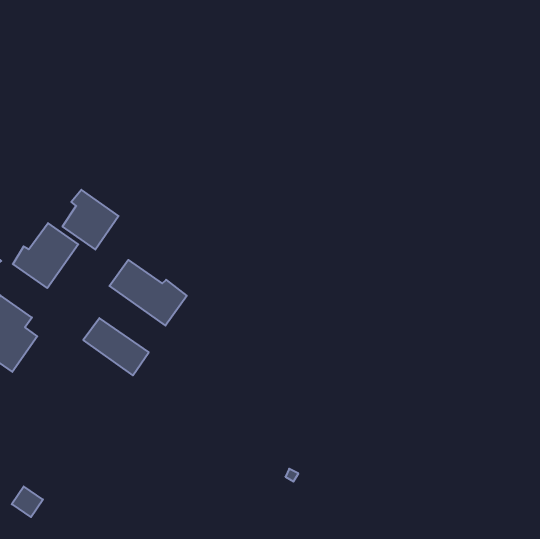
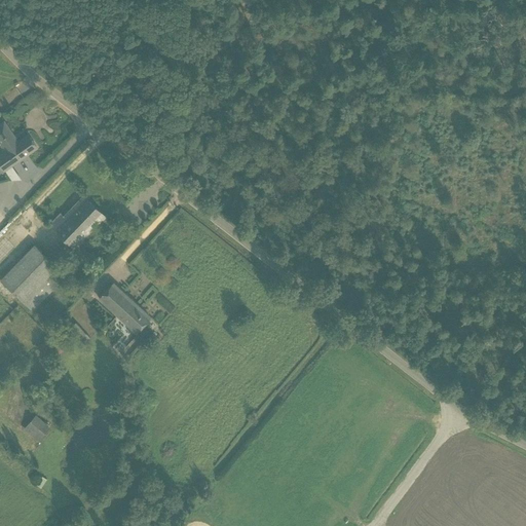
building: [63,190,119,250] -> none
building: [109,260,187,326] -> none

